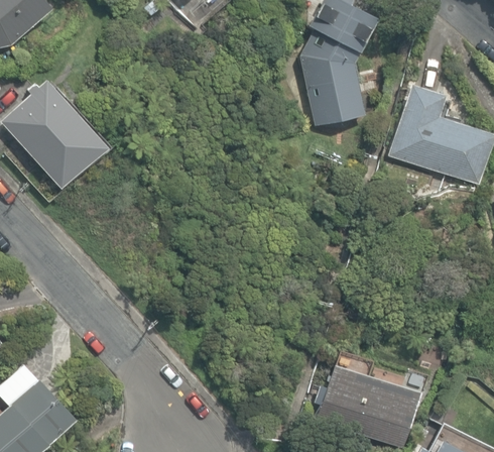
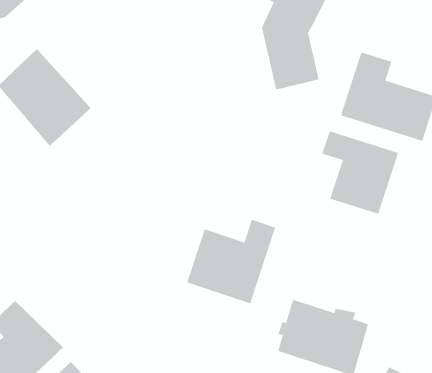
building: none -> [322,131,399,215]
building: none -> [187,219,276,304]

